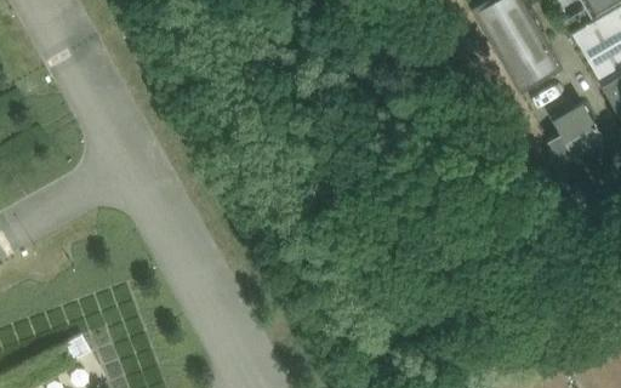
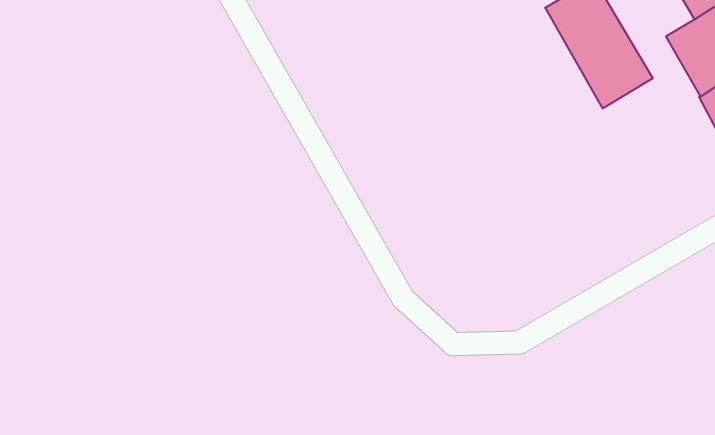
building: [548,101,604,165] -> none

